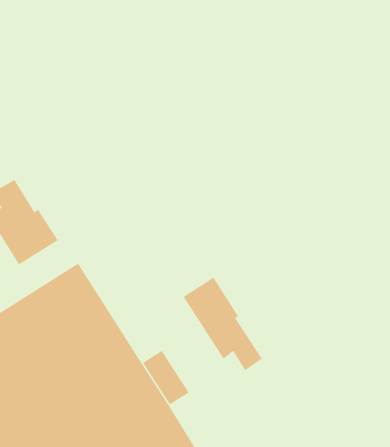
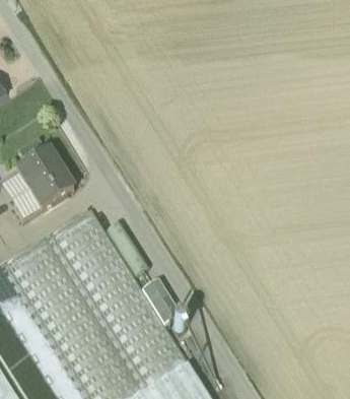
building: [183,277,262,371] -> none

